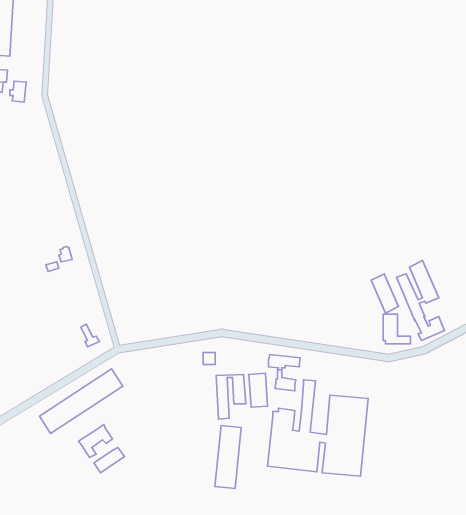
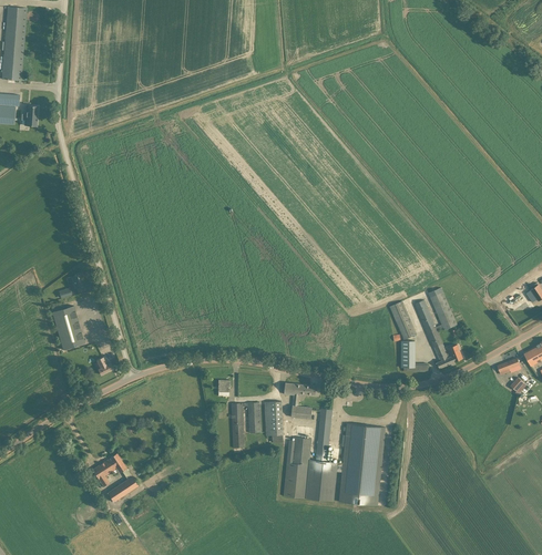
building: none -> [52,307,85,350]
building: [39,369,123,433] -> none
building: [215,426,241,489] -> none

